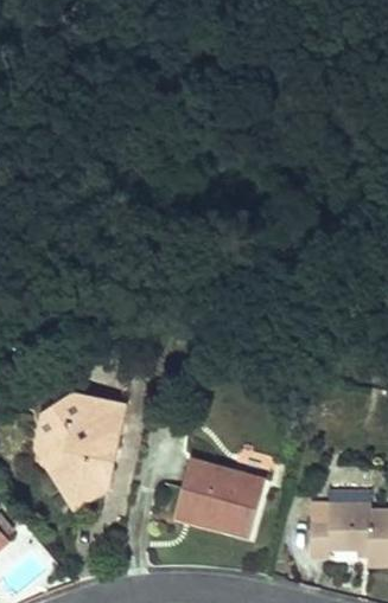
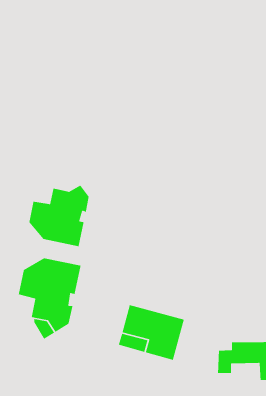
building: none -> [28,185,90,247]

